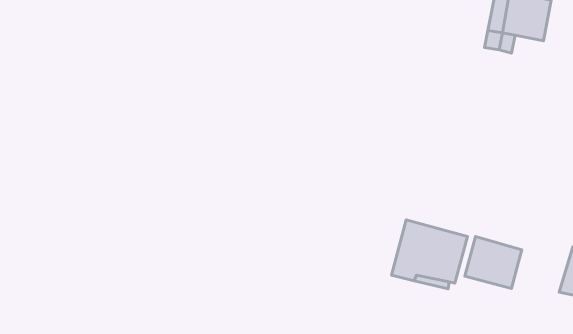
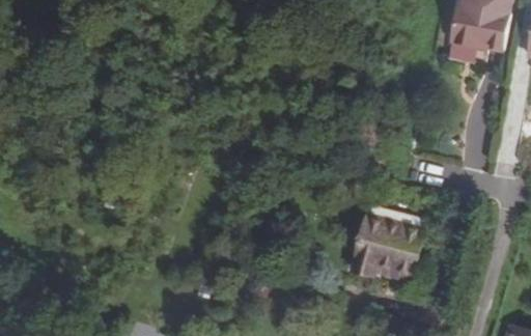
building: [465,237,522,289] -> none

